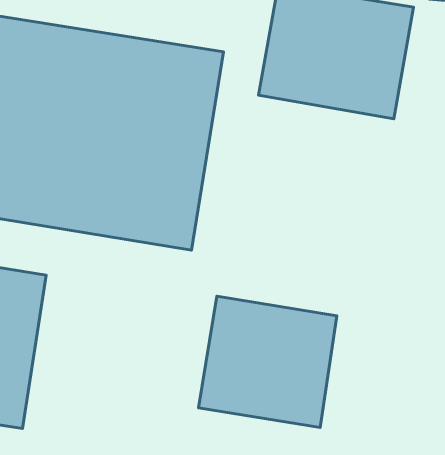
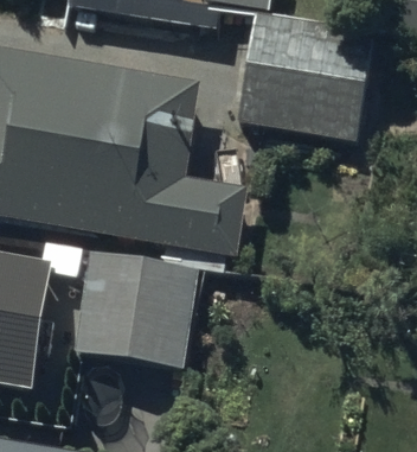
building: [199,296,337,427] -> [75,254,192,365]

